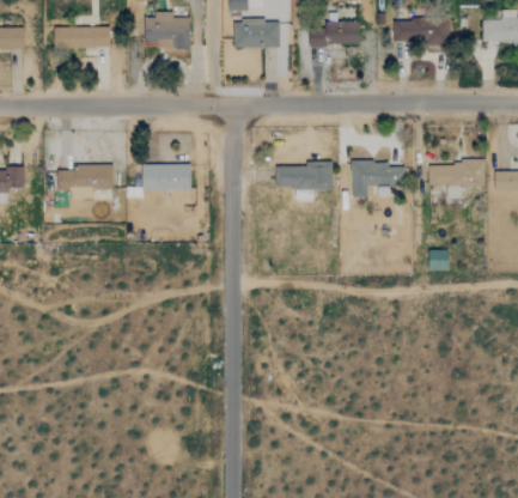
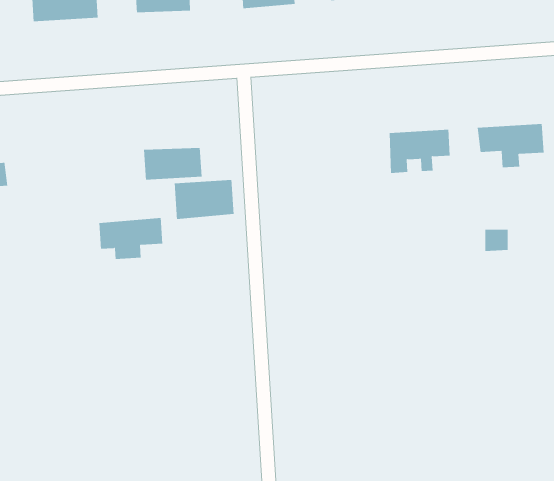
building: [275,160,333,199] -> none
building: [59,165,112,199] -> [99,217,163,260]
building: none -> [174,179,234,220]

